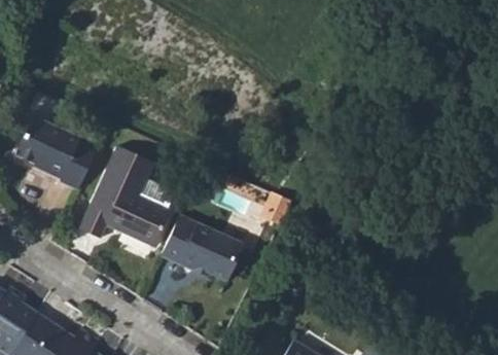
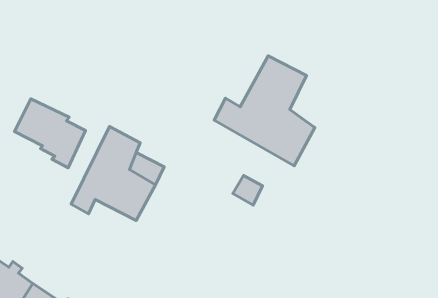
building: none -> [214,56,315,166]
building: [162,211,246,281] -> none

